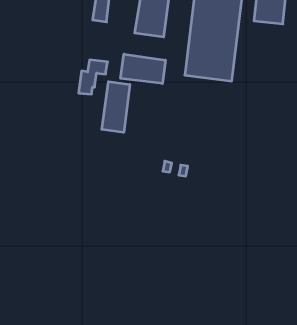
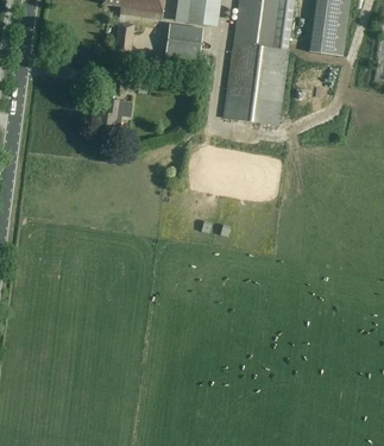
building: [121,54,165,84] -> none
building: [102,82,130,132] -> none

